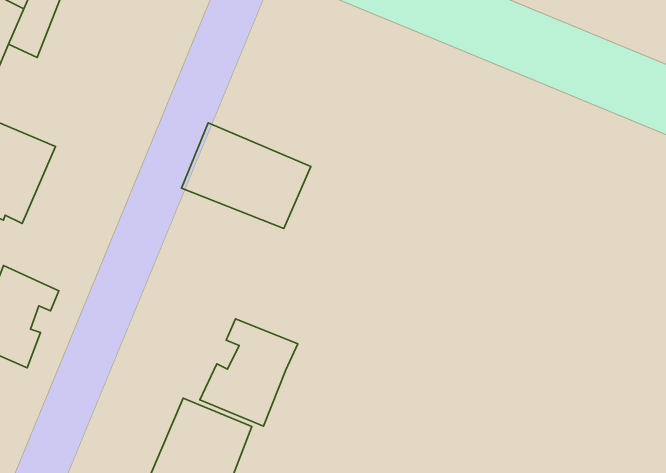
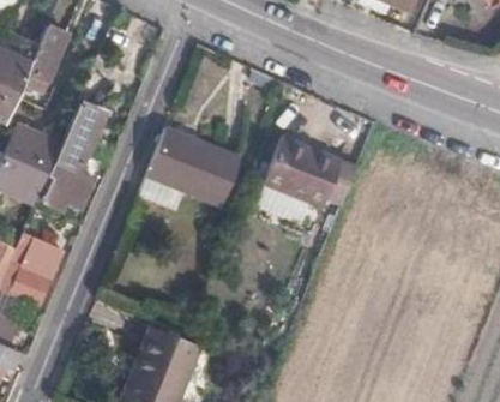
building: none -> [43,103,109,206]
building: none -> [261,137,337,206]
building: [200,319,298,426] -> none

